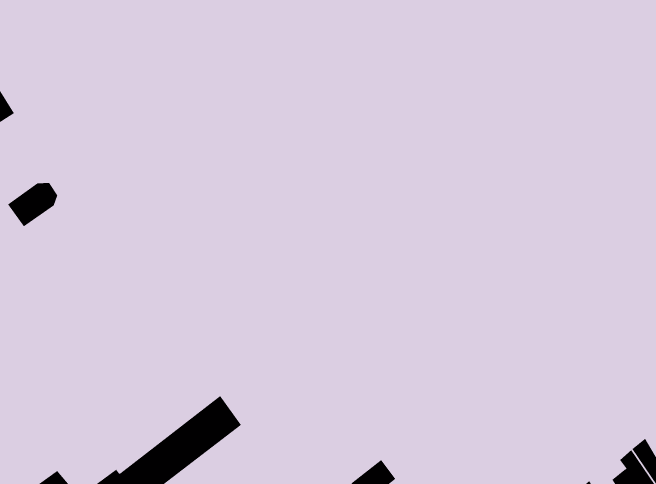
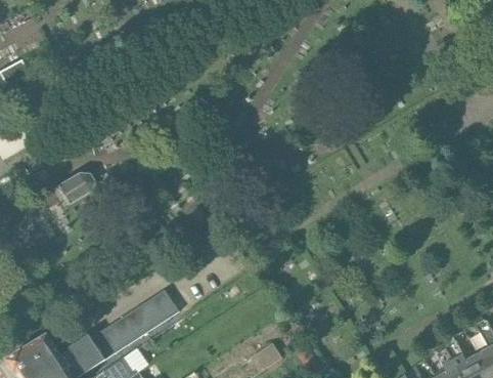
building: [7,182,58,227] -> [55,173,91,203]

